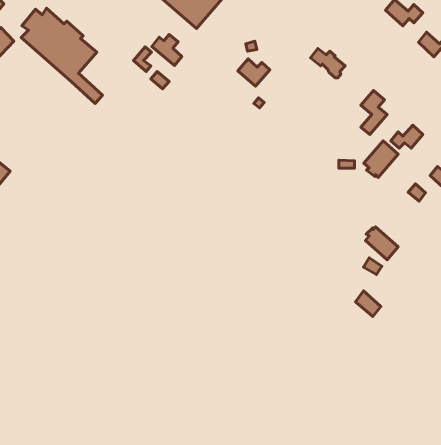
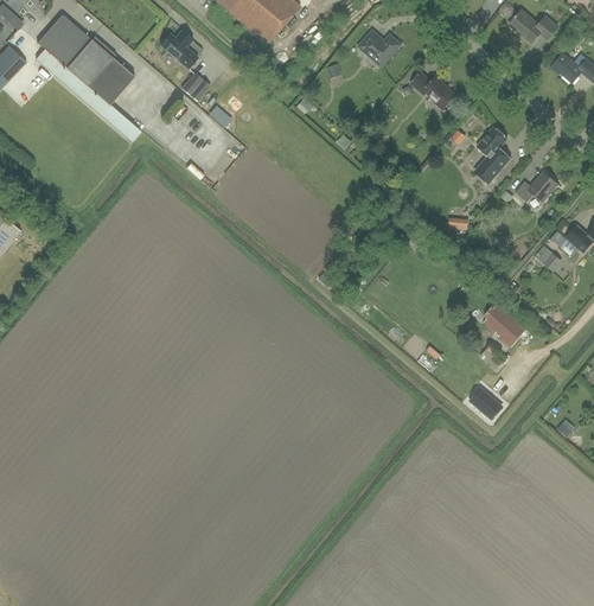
building: [152,35,182,66] -> [160,28,199,69]
building: [238,59,270,86] -> [359,28,401,64]
building: [364,141,398,177] -> none

